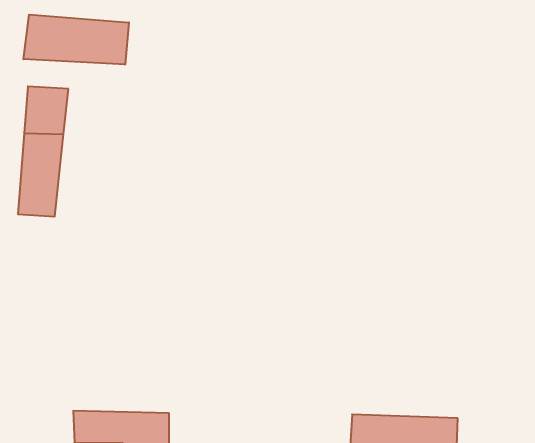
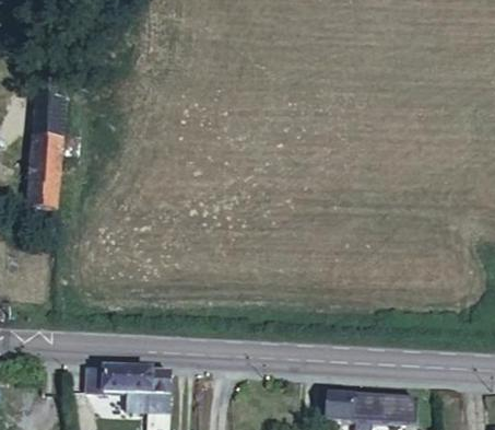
building: [23,15,129,65] -> none

